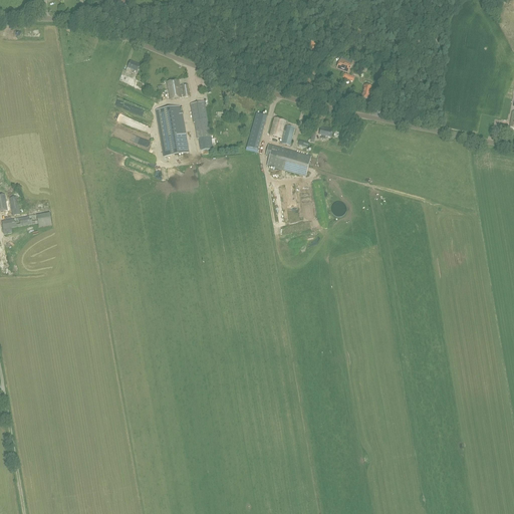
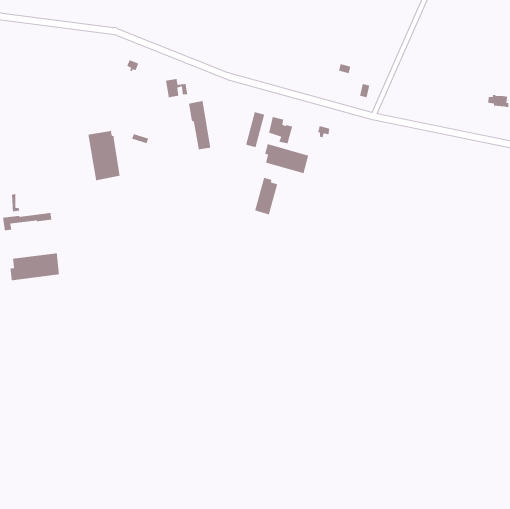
building: [155,104,188,156] -> [88,130,121,181]
building: none -> [254,177,278,215]
building: none -> [10,252,60,281]

